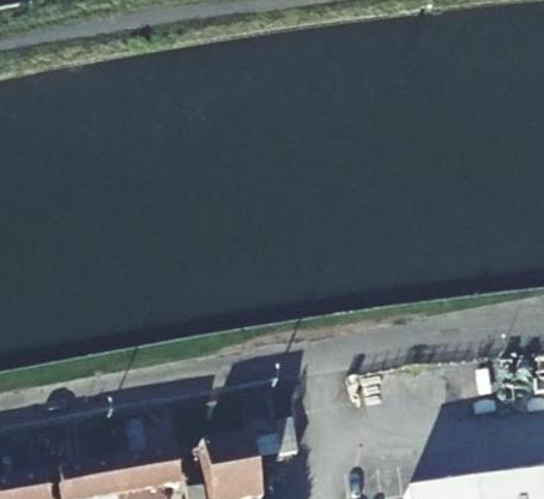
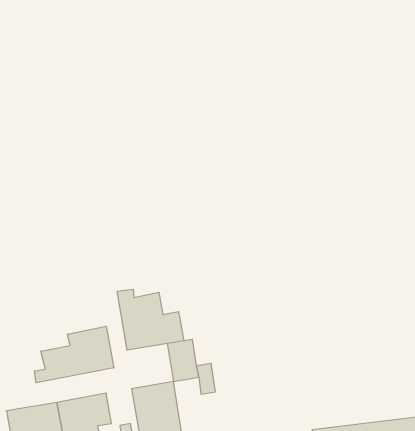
building: none -> [117,289,184,350]
building: none -> [35,326,114,383]

